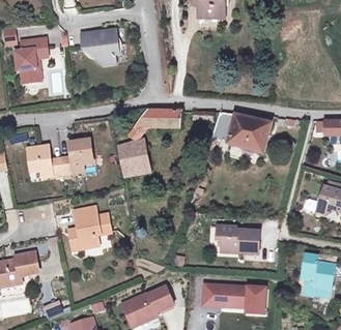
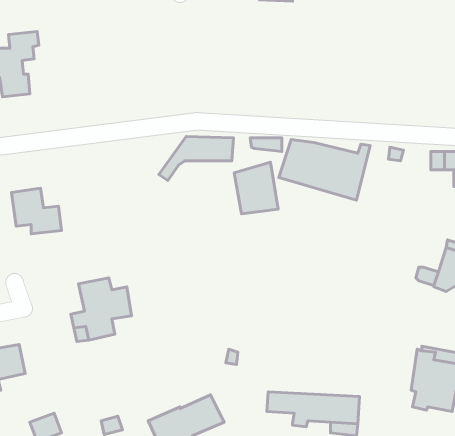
building: [82,29,119,63] -> none
building: [61,140,92,174] -> none
building: [119,140,149,175] -> [234,162,278,214]
building: [217,226,260,253] -> none

